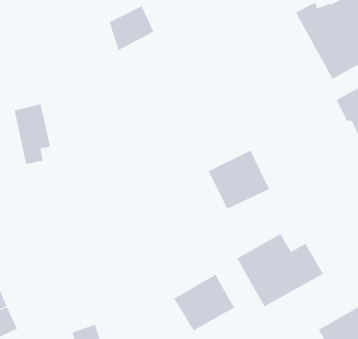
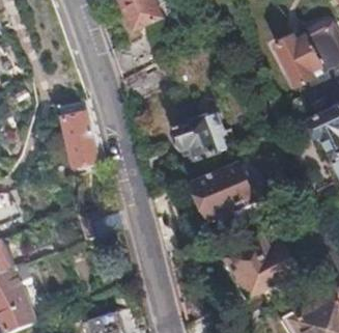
building: none -> [171,114,235,165]
building: [14,103,51,164] -> [61,109,93,162]
building: [173,274,235,331] -> none

